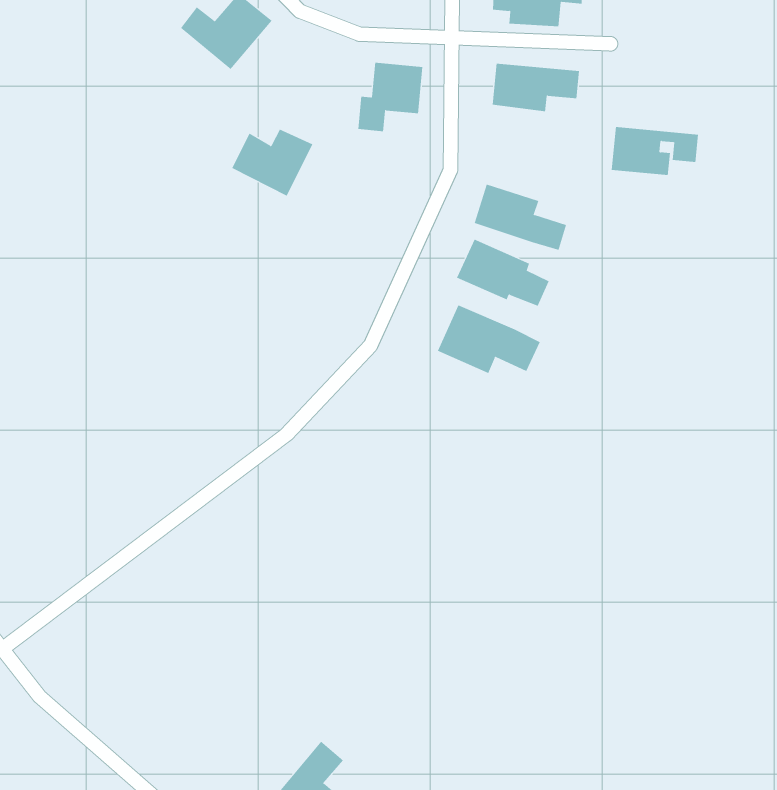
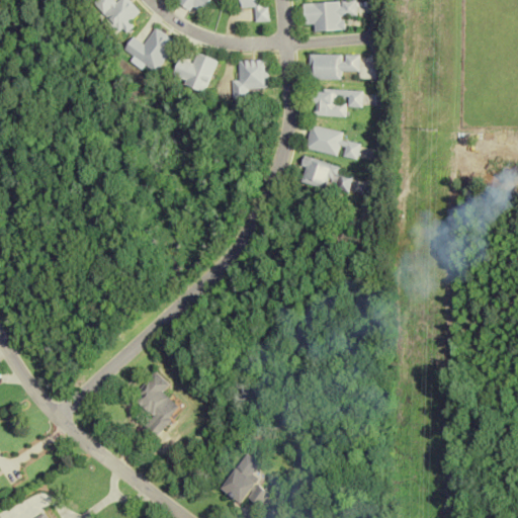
building: [611,127,699,176] -> [312,90,360,115]
building: [232,129,313,196] -> [173,54,219,92]
building: [437,305,541,374] -> none
building: none -> [131,371,176,438]

